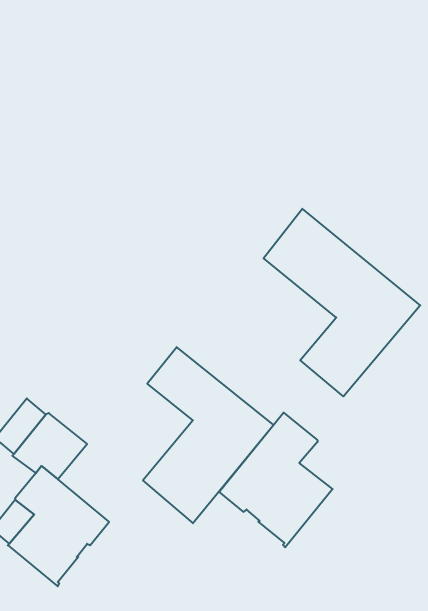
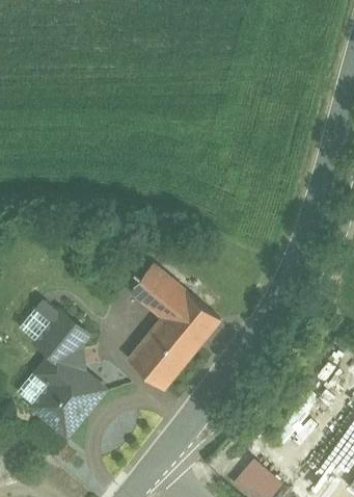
building: [264,209,420,396] -> none
building: [219,413,333,547] -> none

